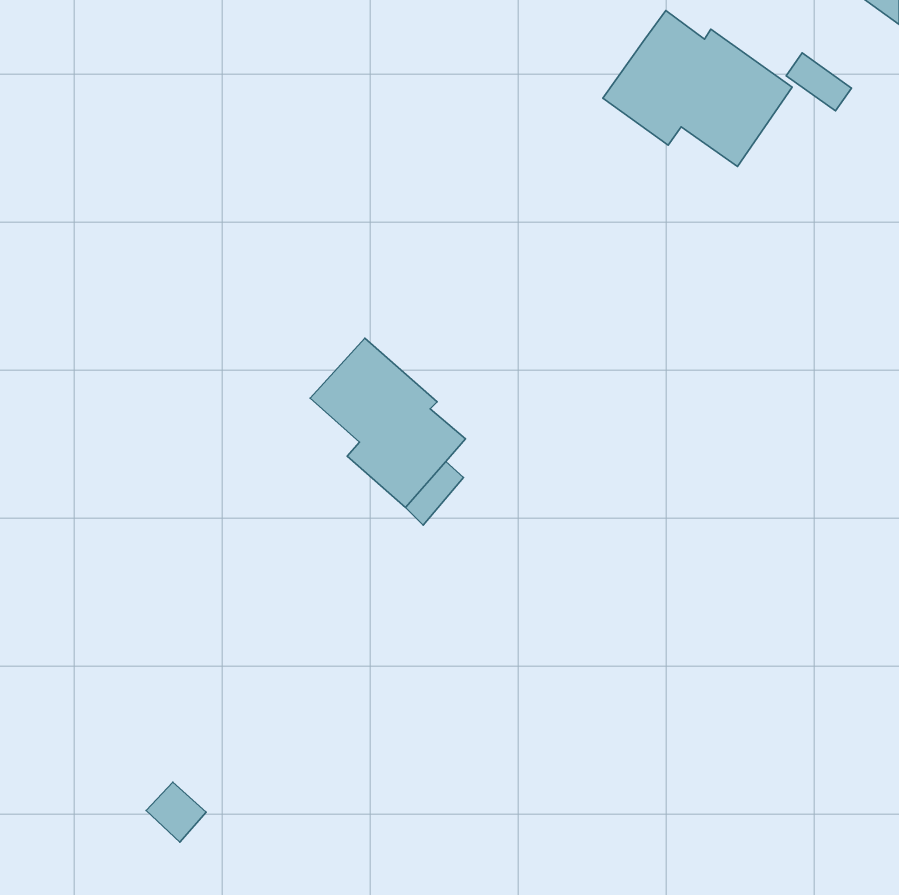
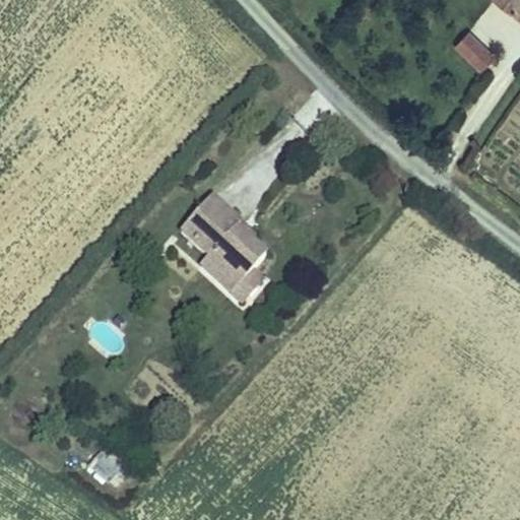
building: [603,10,792,166] -> none

